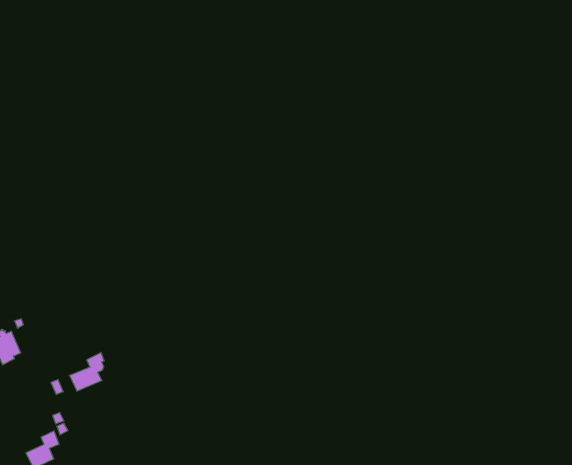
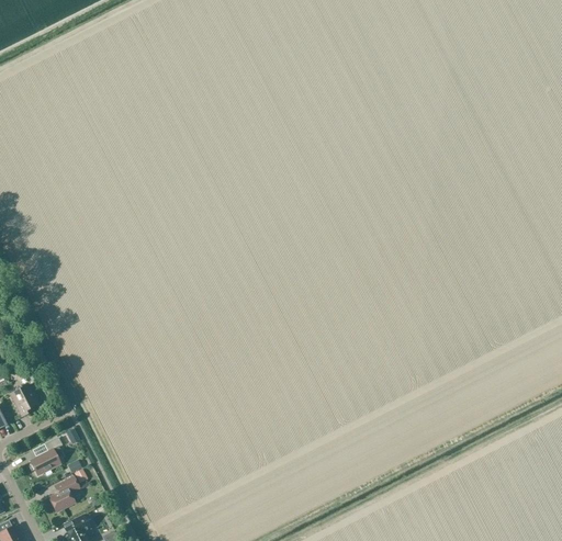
building: [69,352,104,391] -> [30,438,61,475]

